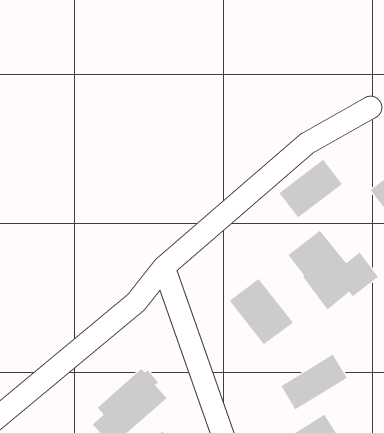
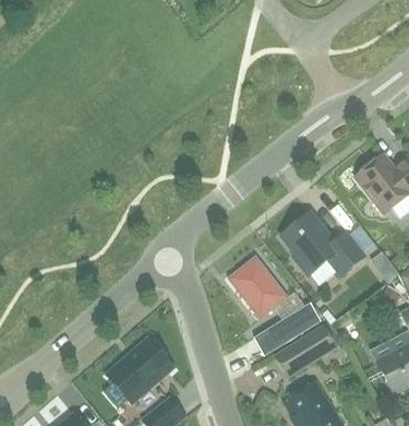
building: [279,159,343,218] -> none
building: none -> [253,301,318,353]

